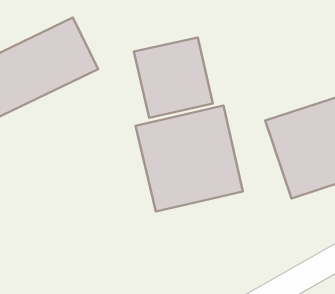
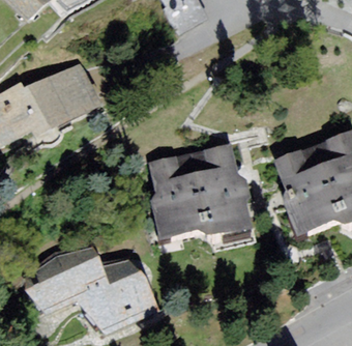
building: [134,37,213,118] -> none
building: none -> [23,238,158,328]

